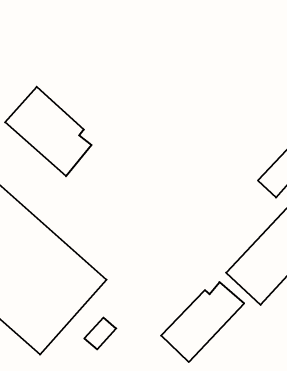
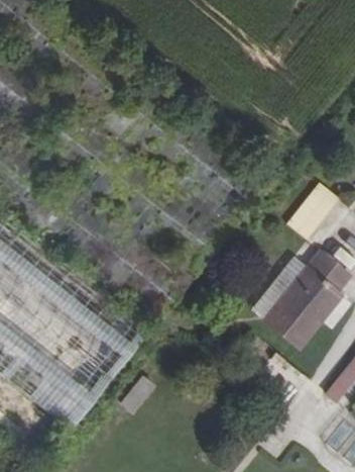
building: [5,87,92,176] -> none
building: [161,282,244,362] -> none

